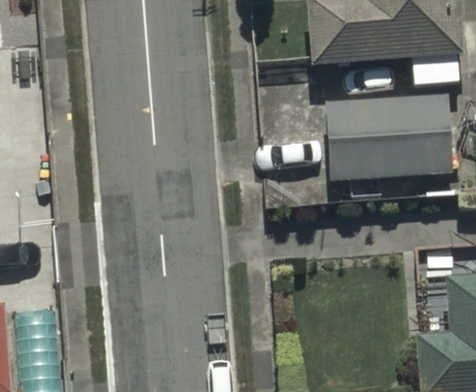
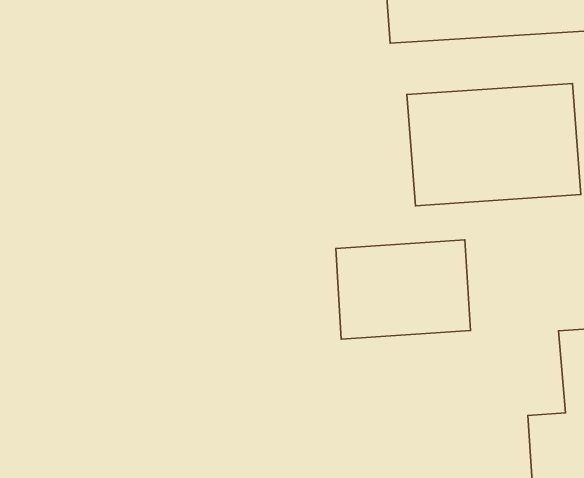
building: none -> [336,240,470,339]

